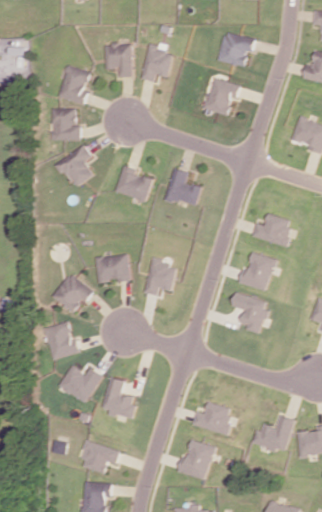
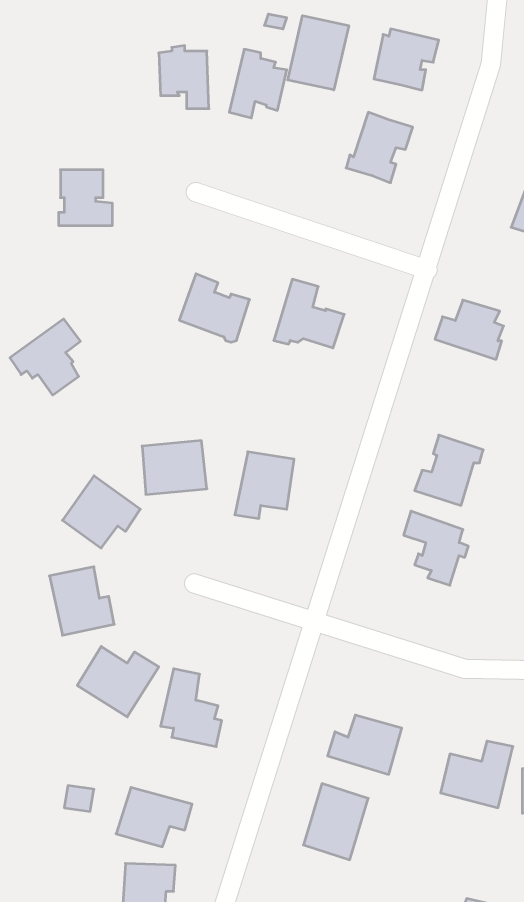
building: none -> [288,16,349,90]
building: [56,65,89,104] -> none
building: [52,143,90,184] -> [10,319,80,395]
building: [255,214,292,246] -> [435,300,504,359]

